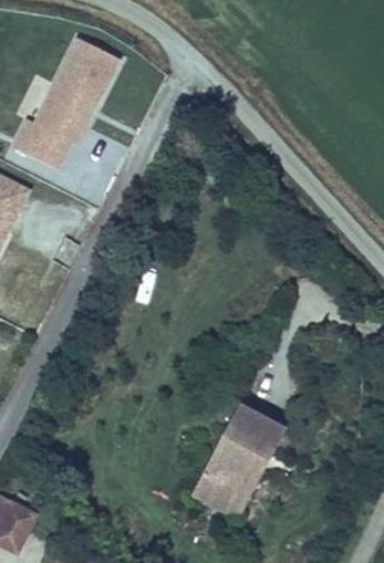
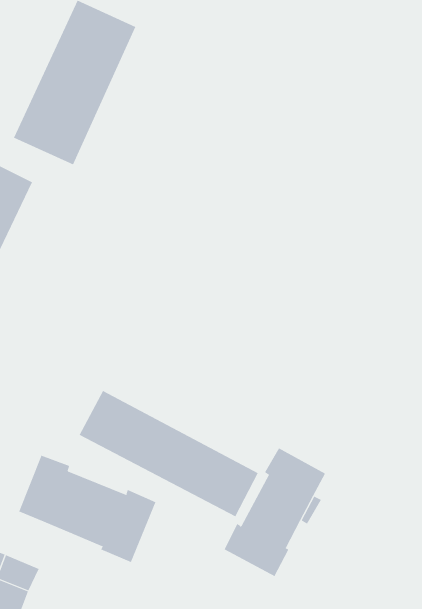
building: none -> [79,390,258,517]
building: none -> [19,455,156,563]

